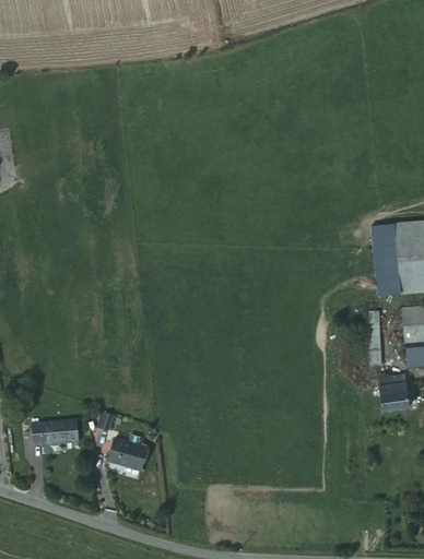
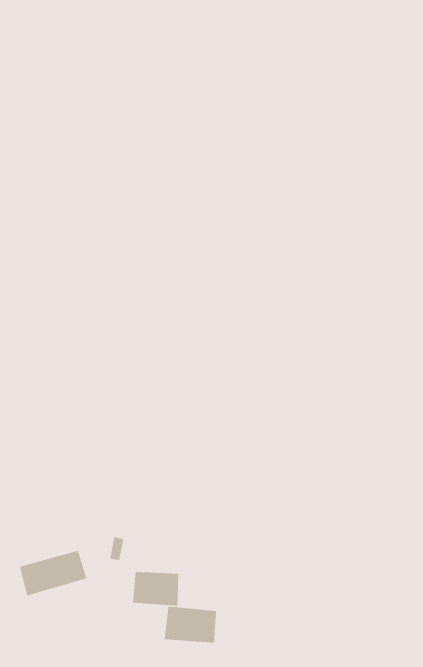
building: none -> [164,606,217,644]

